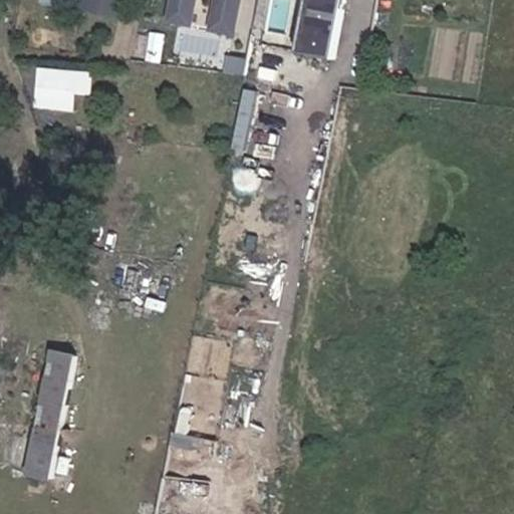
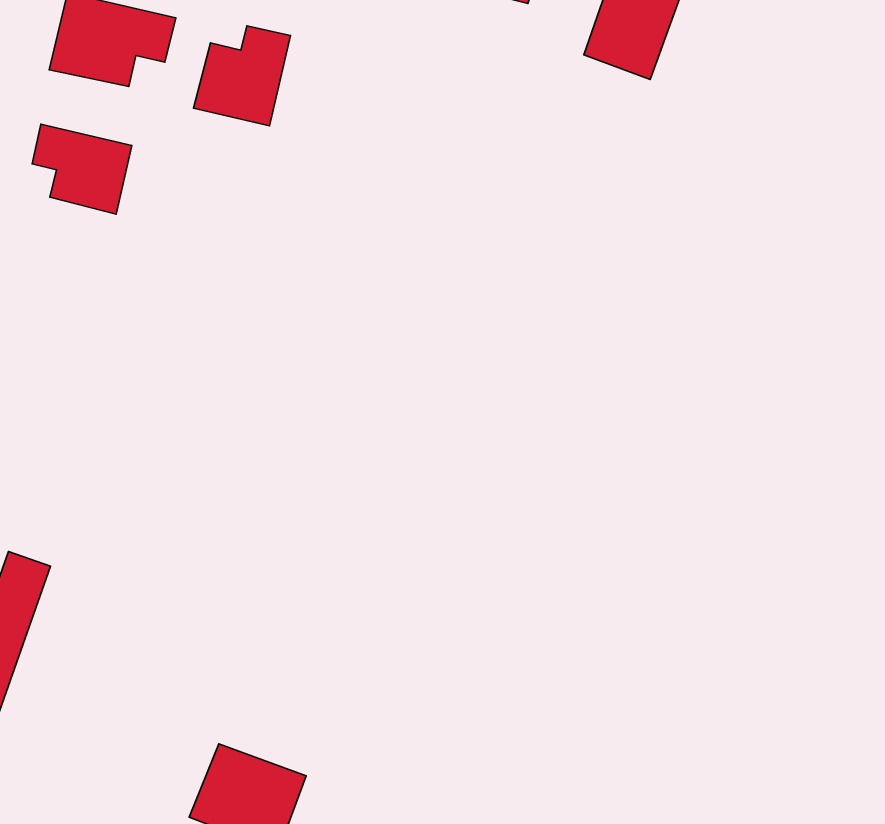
building: none -> [193,26,291,126]
building: none -> [32,124,132,214]

